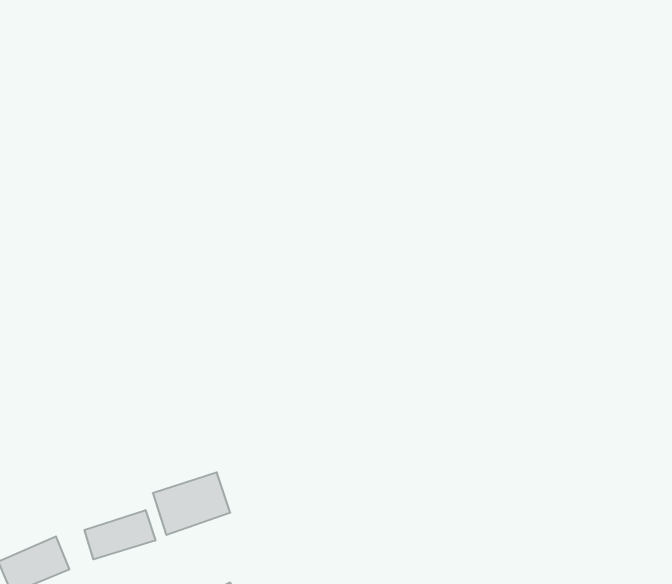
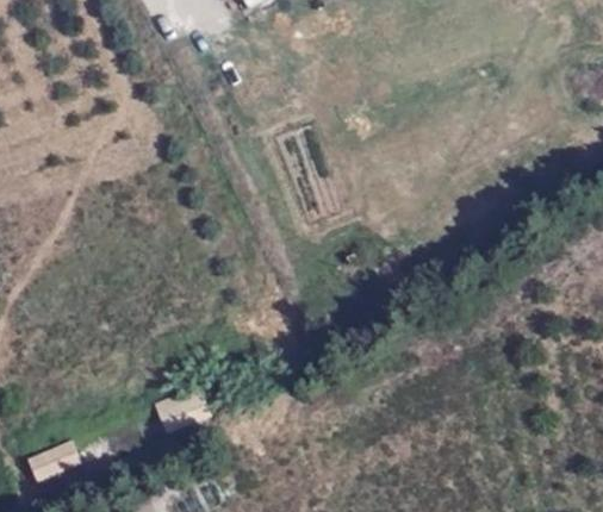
building: [84,510,155,559] -> none

